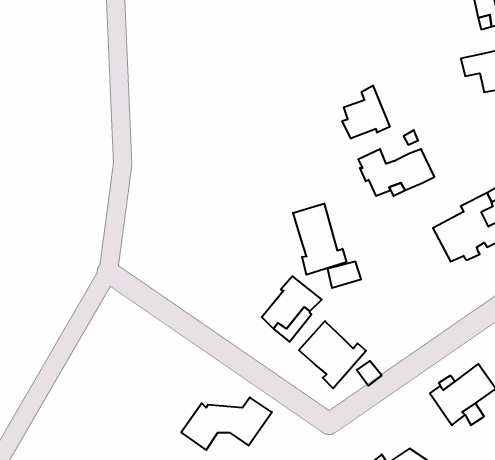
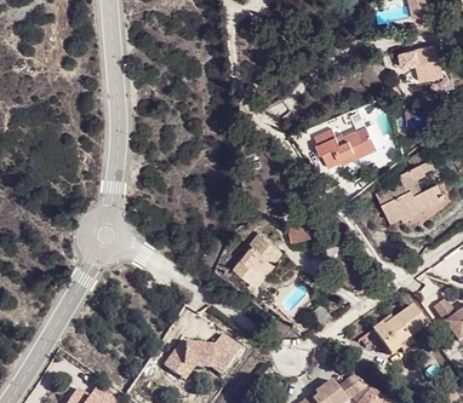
building: [342,85,390,139] -> none
building: [293,203,346,275] -> none
building: [299,321,366,388] -> none

